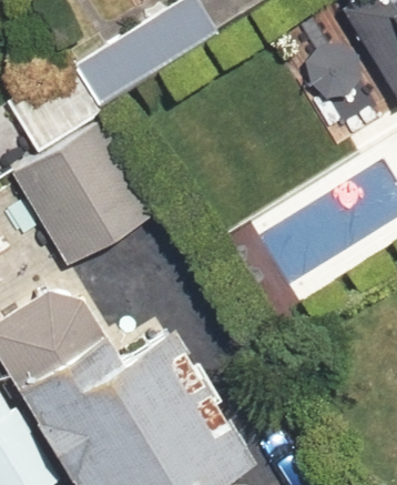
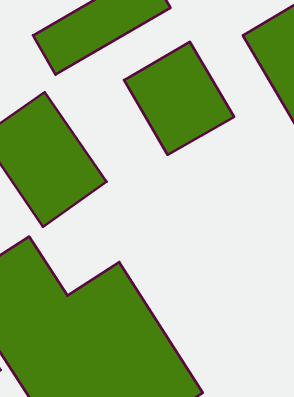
building: none -> [124,42,234,155]

